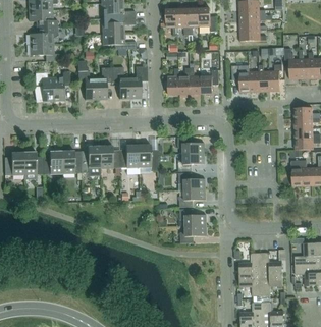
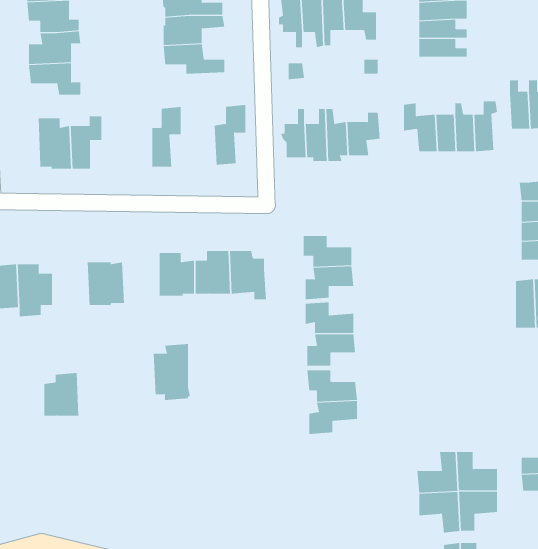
building: [77,60,96,99] -> none
building: [112,66,130,98] -> none
building: [81,145,101,175] -> [153,344,191,400]
building: [43,150,62,173] -> [43,373,79,416]

